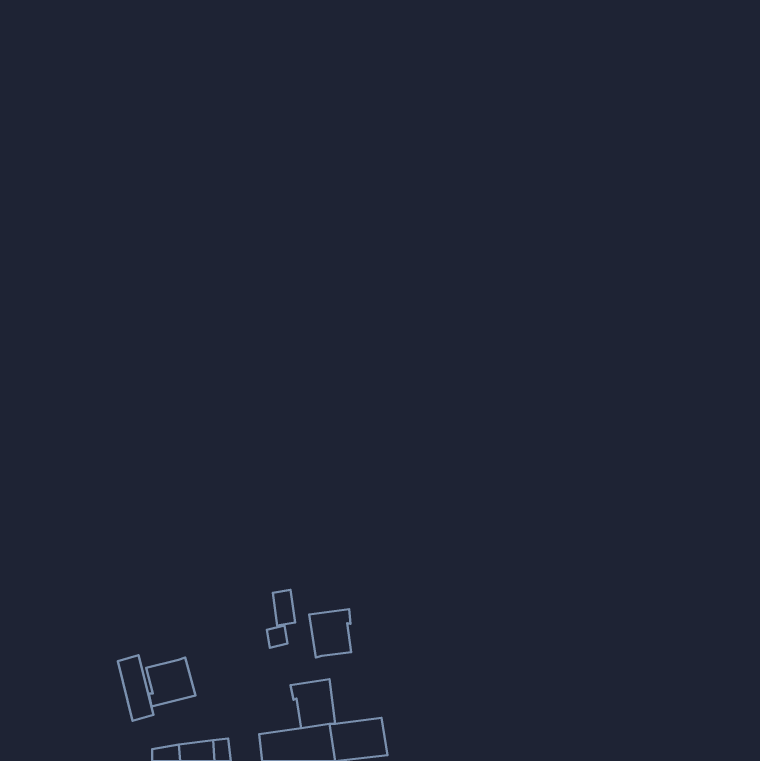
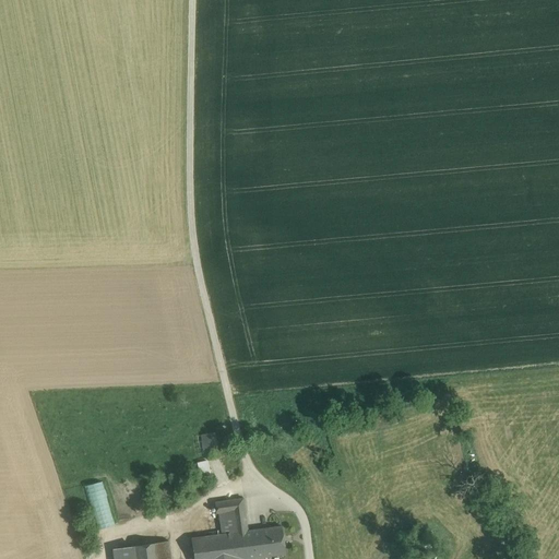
building: [309,609,351,658] -> none
building: [146,657,196,707] -> none

